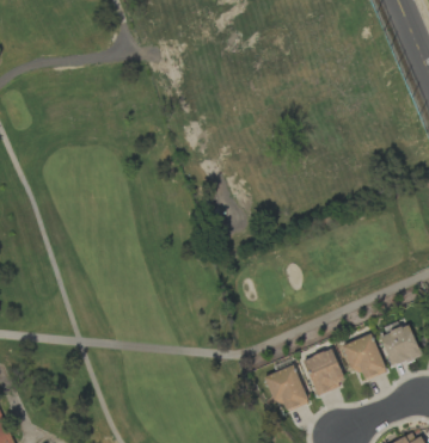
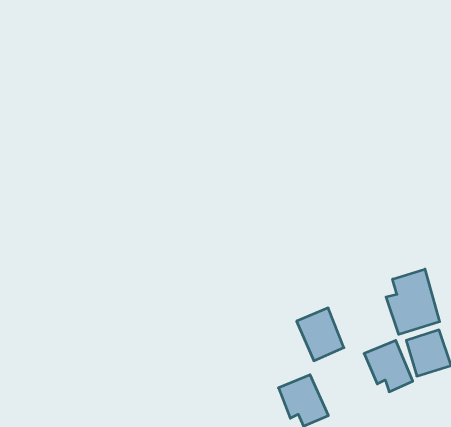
building: none -> [386,269,440,334]
building: [302,349,345,396] -> [297,308,344,361]

